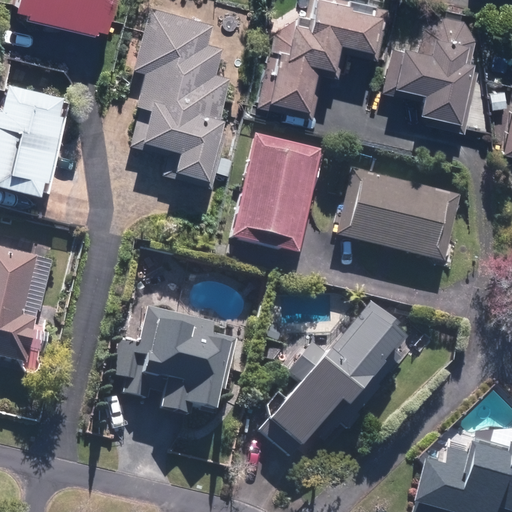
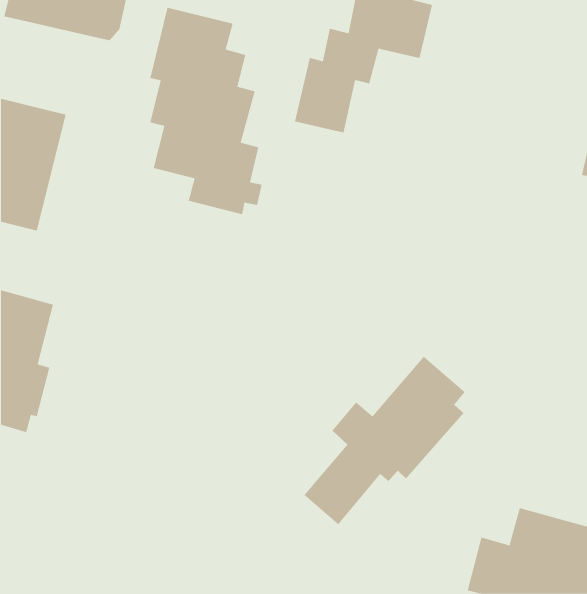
building: [391,15,478,126] -> none
building: [227,135,320,257] -> none
building: [340,172,462,264] -> none
building: [135,306,238,419] -> none

